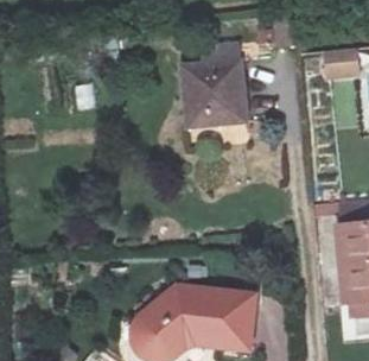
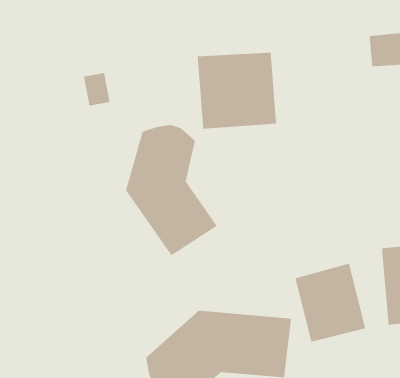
building: none -> [126,124,217,256]
building: none -> [295,263,366,343]

